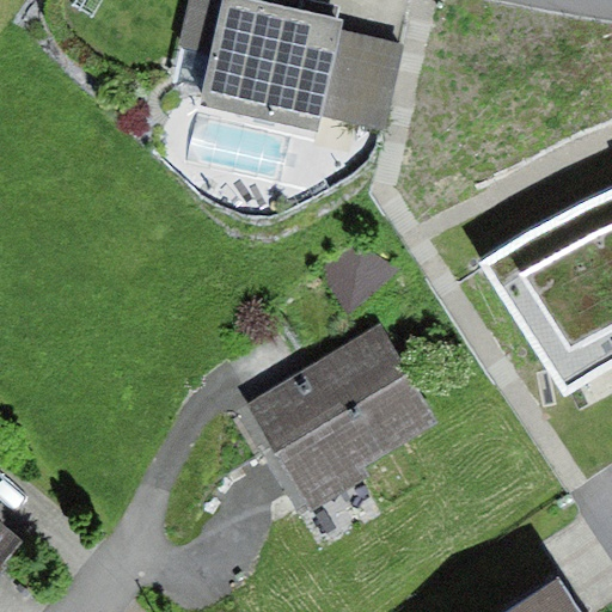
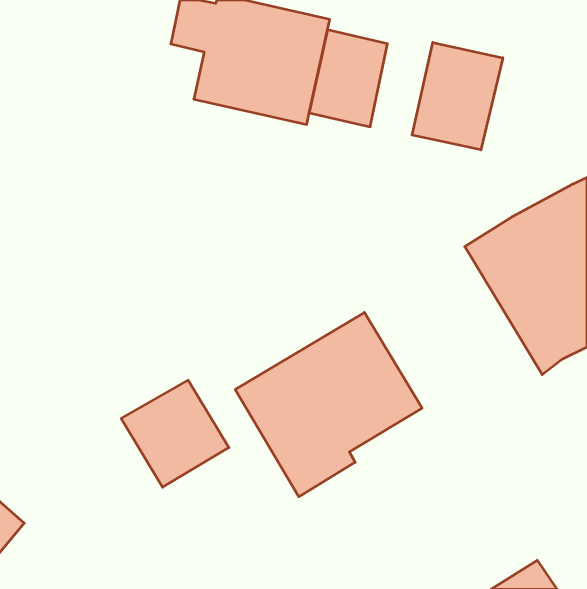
building: none -> [412,42,503,150]
building: none -> [121,380,229,487]

